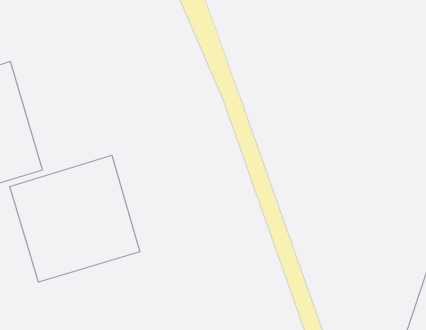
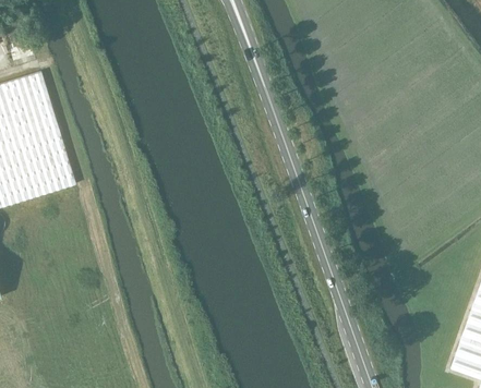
building: [10,155,140,282] -> none

